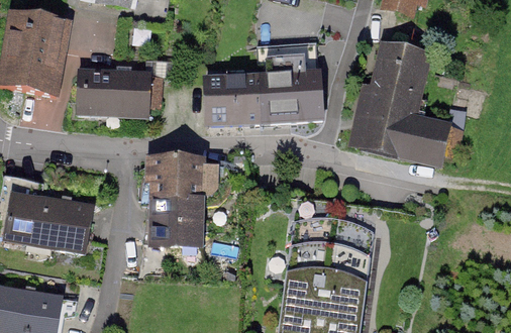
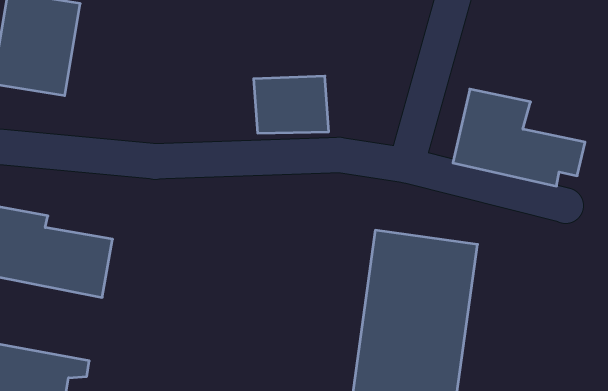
building: [372,35,431,99] -> none
building: [257,43,322,122] -> none
building: [76,73,162,116] -> none
building: [145,159,229,245] -> none

